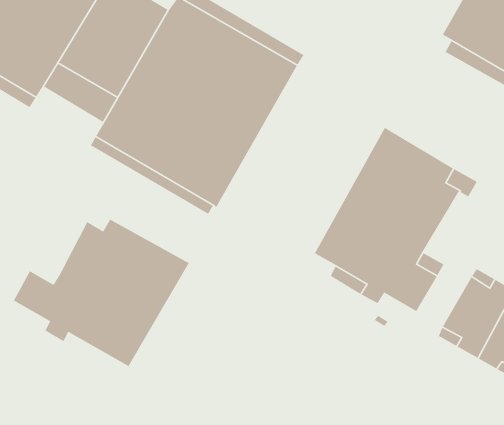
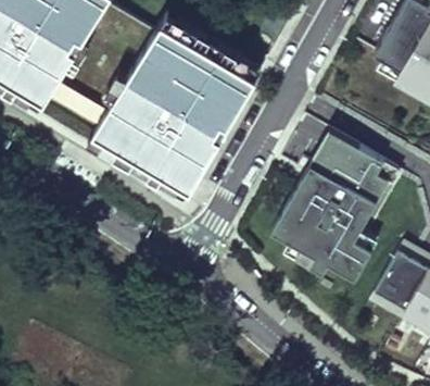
building: [13,219,190,367] -> none

